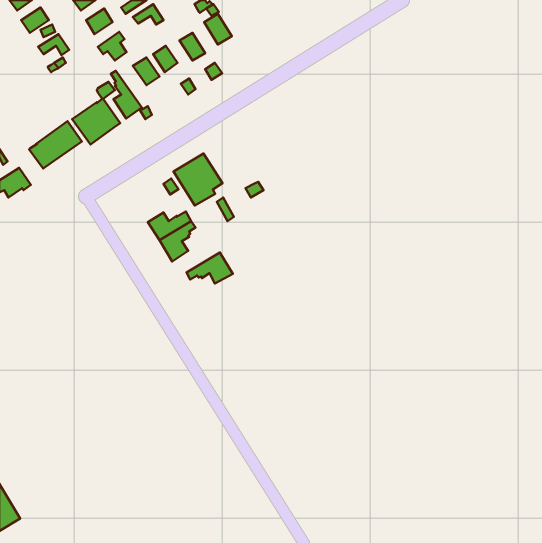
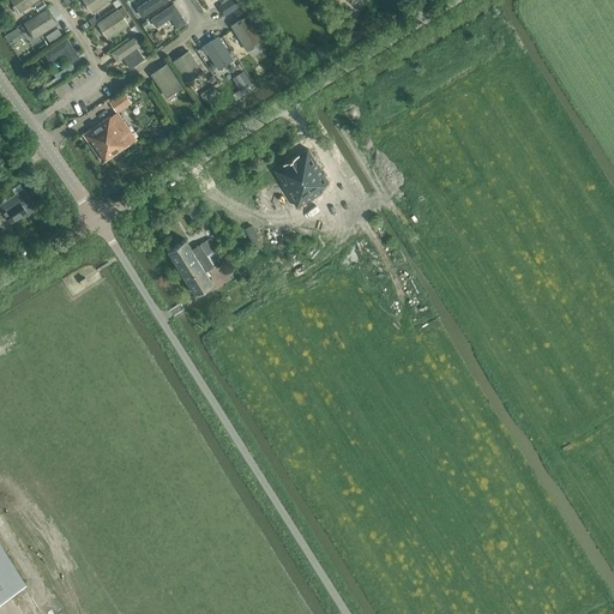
building: [111,71,142,119] -> none
building: [29,121,82,169] -> none
building: [174,153,222,206] -> [272,149,327,207]
building: [186,253,233,283] -> none

